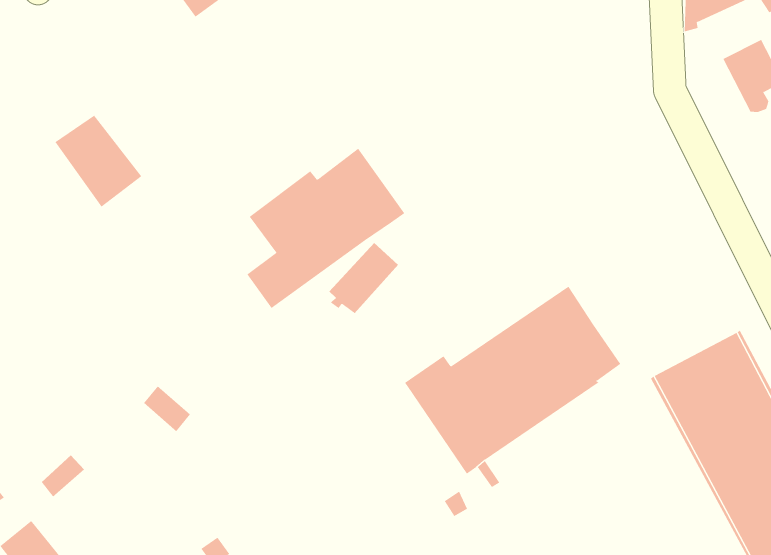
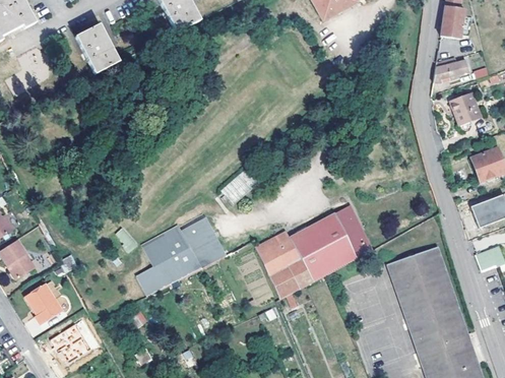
building: [55,115,142,208] -> [76,24,120,74]
building: [247,148,405,309] -> [136,217,226,296]

